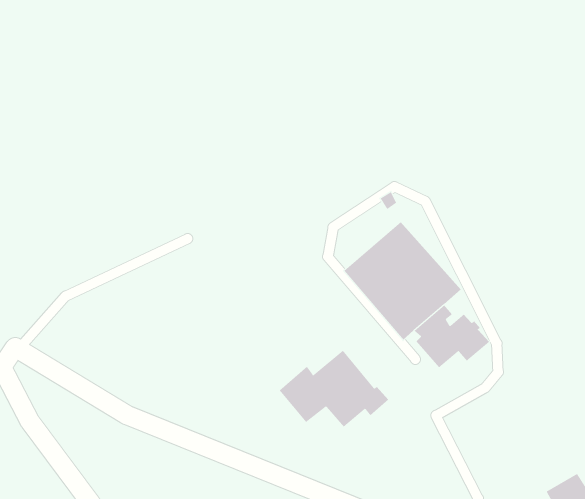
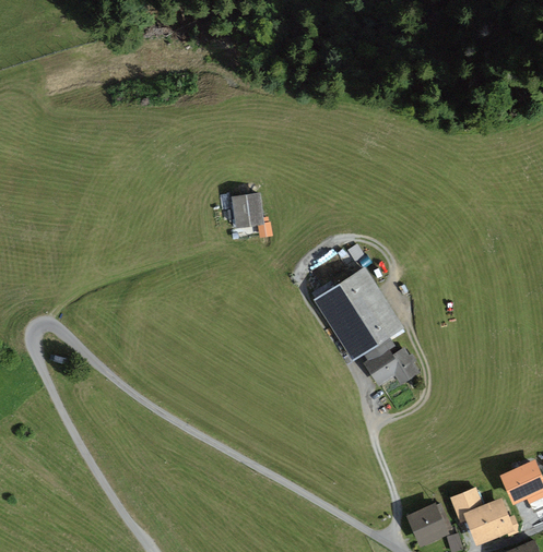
building: none -> [231,192,264,228]
building: [279,350,389,428] -> none

